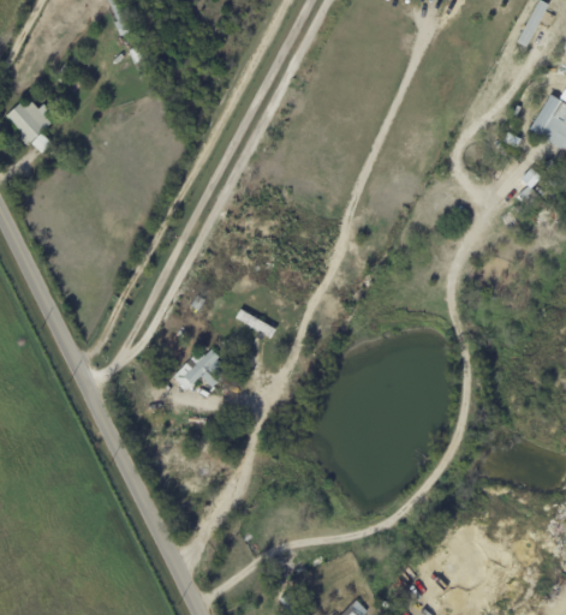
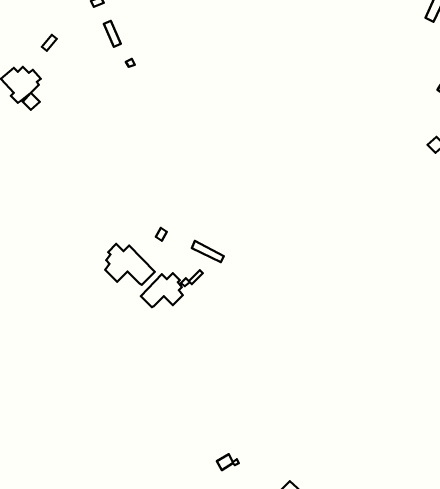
building: none -> [105,244,155,285]

